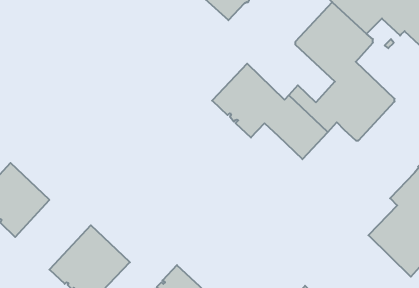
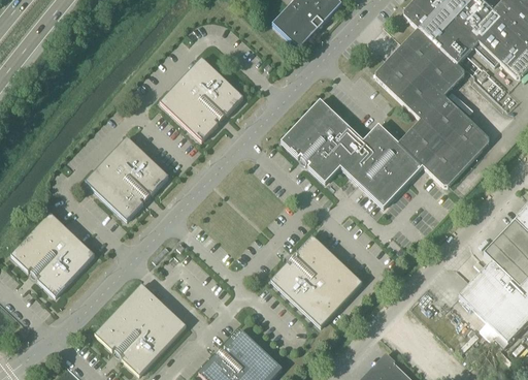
building: none -> [160,57,244,141]
building: none -> [86,136,169,221]
building: none -> [271,234,363,326]

